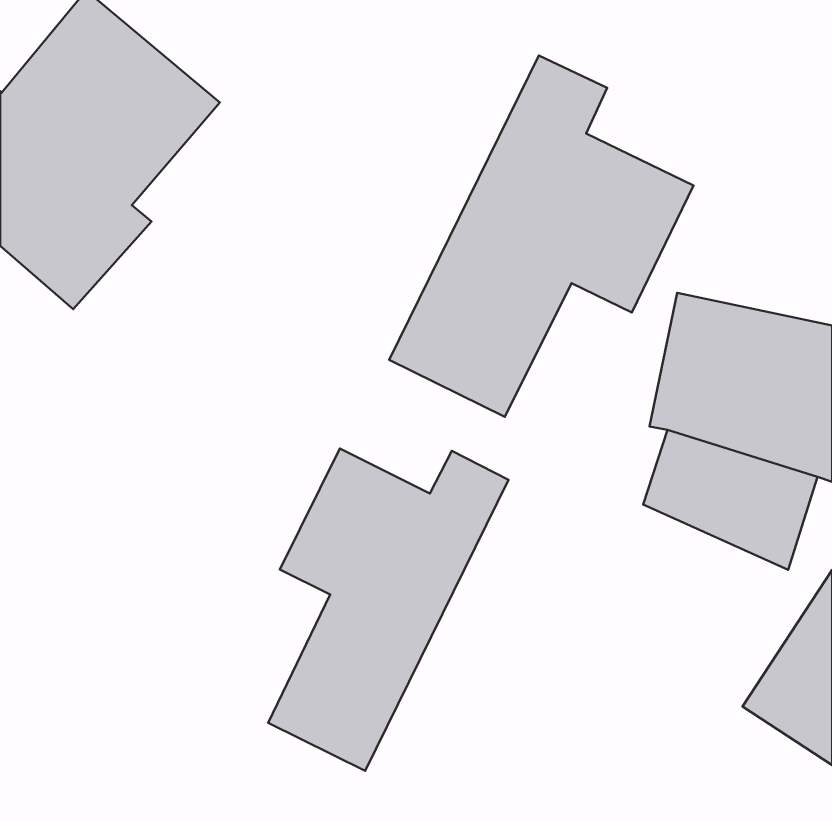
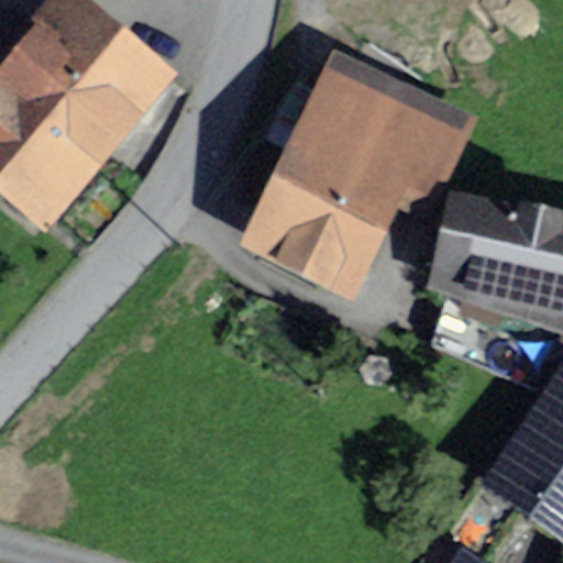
building: [268,449,509,771] -> none

